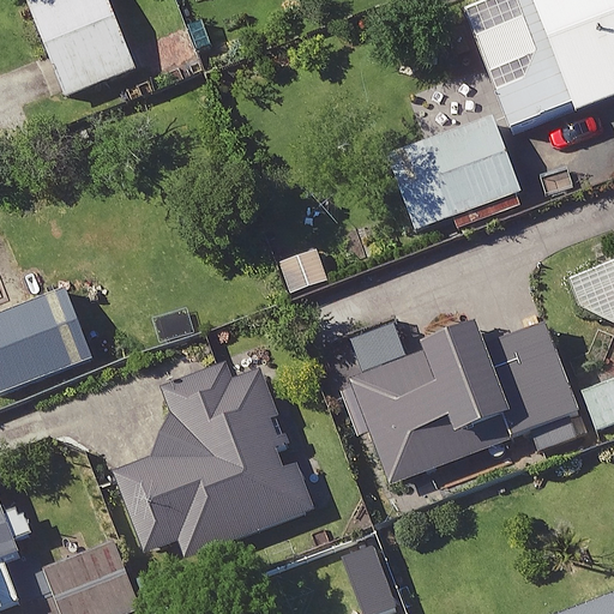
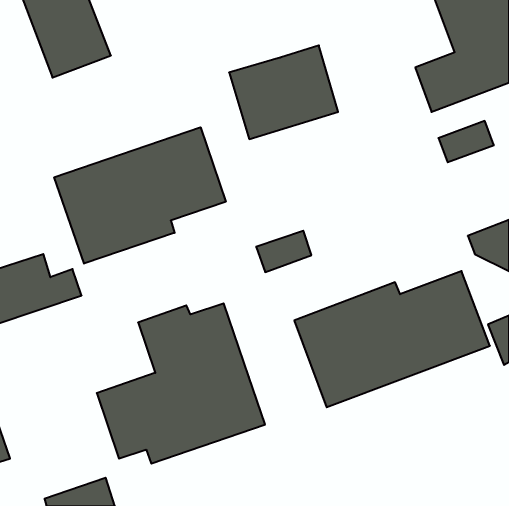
building: [387,115,517,227] -> [229,45,338,139]
building: none -> [54,127,226,264]

